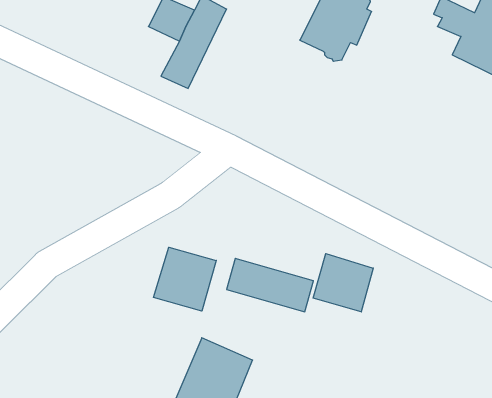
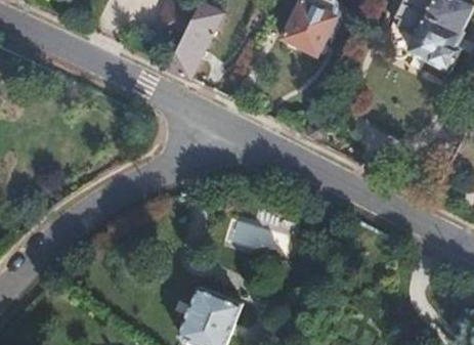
building: [153,247,216,311] -> none
building: [313,254,373,312] -> none

